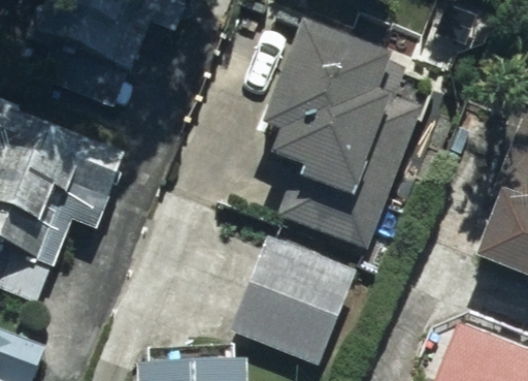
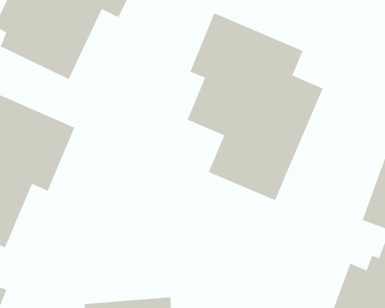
building: [229,230,362,368] -> none

